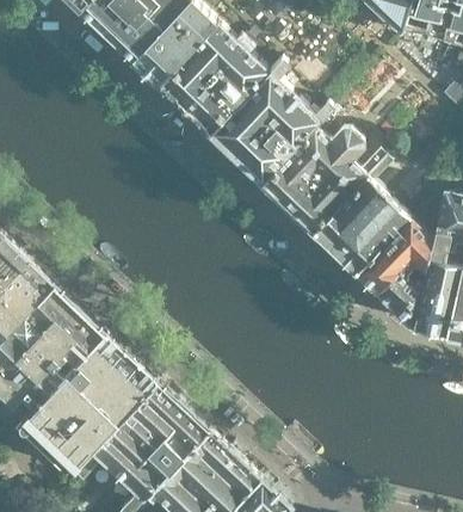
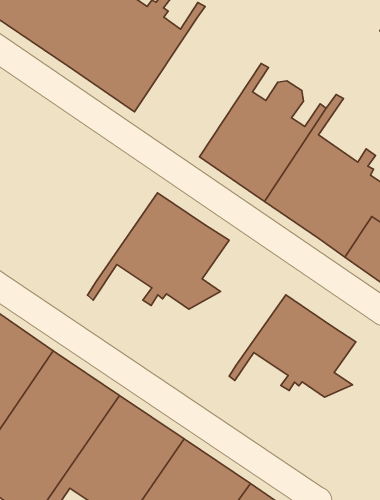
building: [209,56,328,180] -> none
building: none -> [87,193,229,309]
building: none -> [229,295,356,397]

